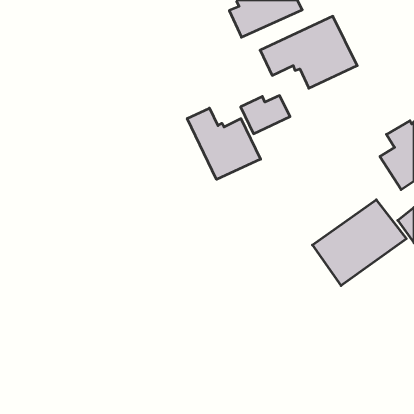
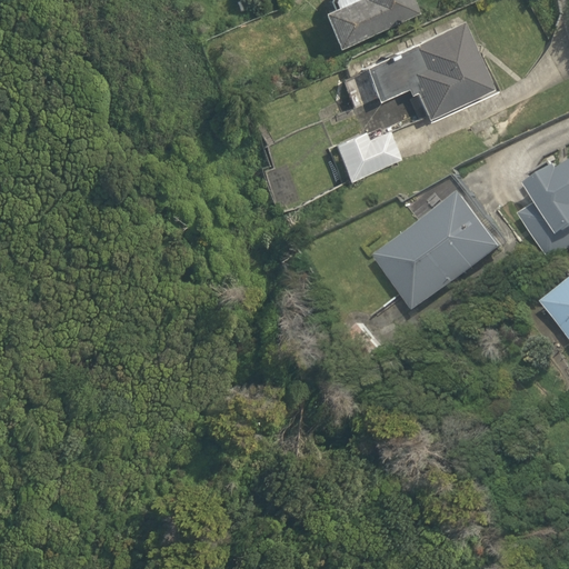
building: [187,108,261,179] -> none
building: [312,200,406,286] -> [378,193,507,311]

